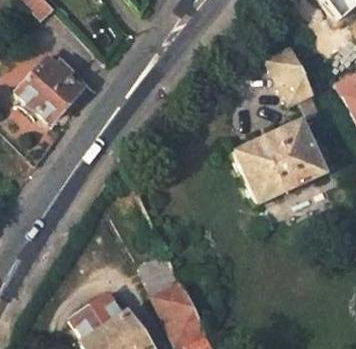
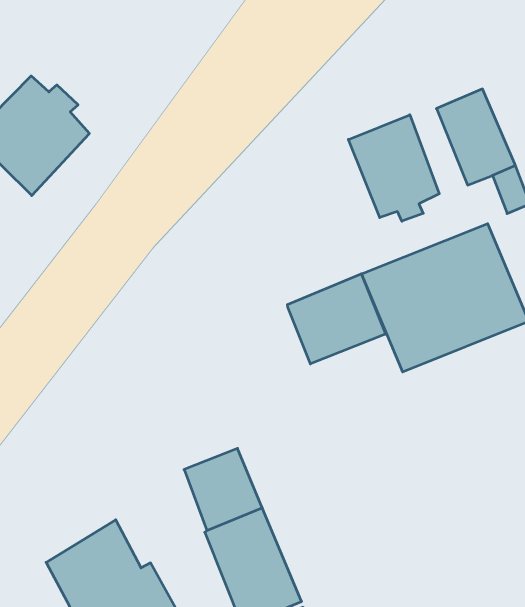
building: none -> [348,115,439,221]
building: none -> [287,274,386,364]

